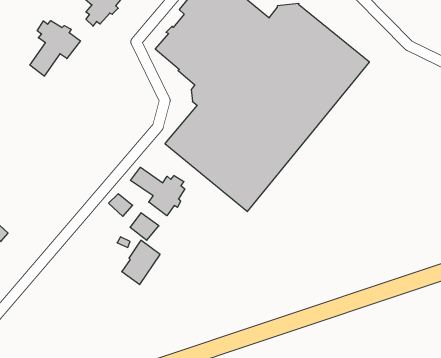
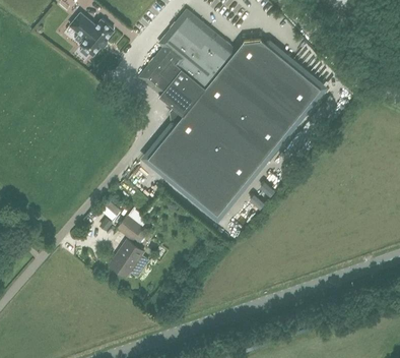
building: [30,21,81,76] -> none
building: [131,167,185,216] -> none

